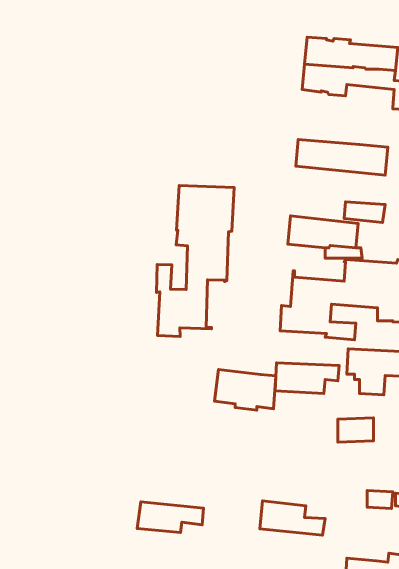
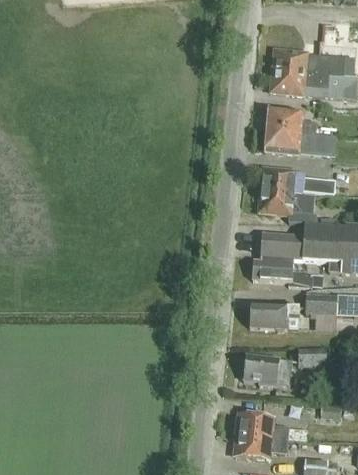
building: none -> [267,108,316,133]
building: [157,185,234,336] -> none
building: none -> [261,167,305,193]
building: [215,369,276,410] -> [243,354,291,386]
building: [137,502,204,532] -> [234,434,286,458]

